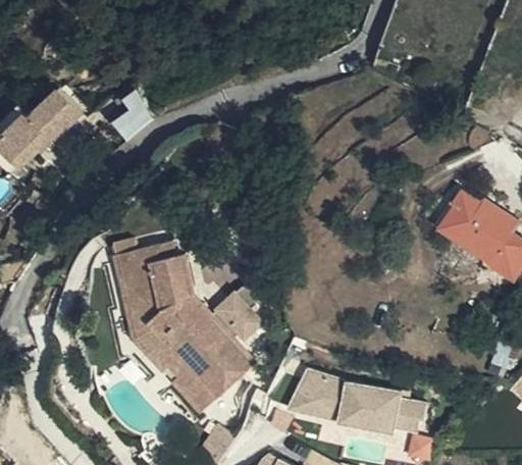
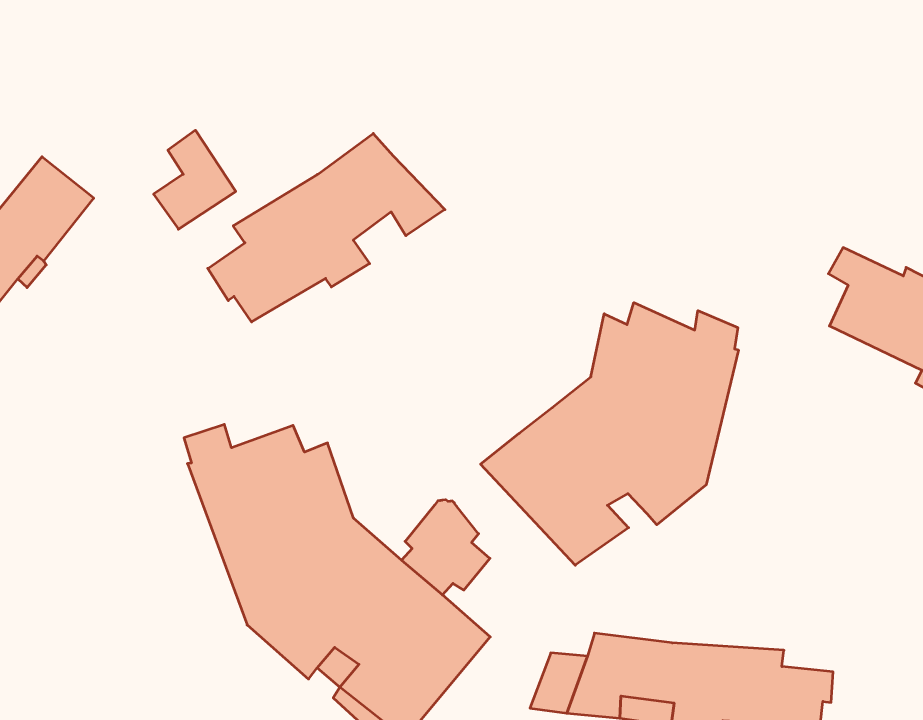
building: none -> [208,133,445,322]
building: none -> [481,303,738,565]

